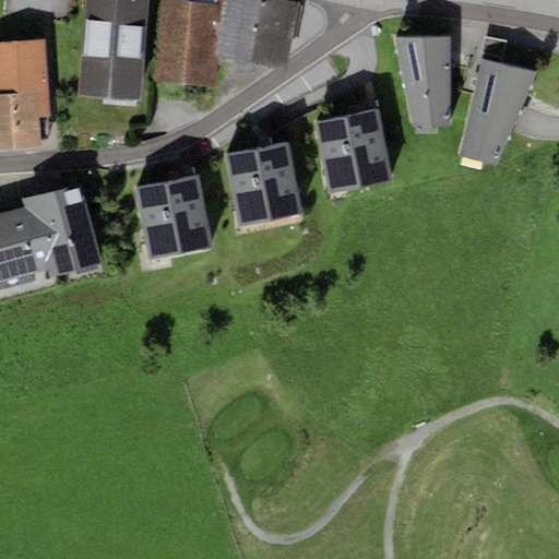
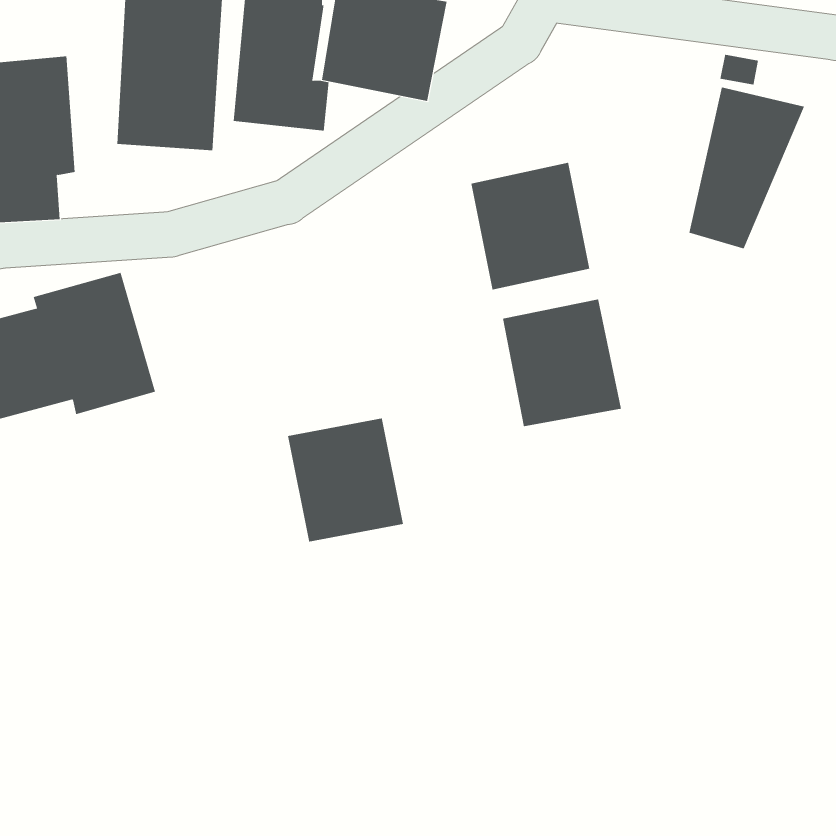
building: [395,35,450,127] -> none
building: [223,142,302,227] -> [502,299,622,427]
building: [134,175,212,258] -> [287,418,404,542]

